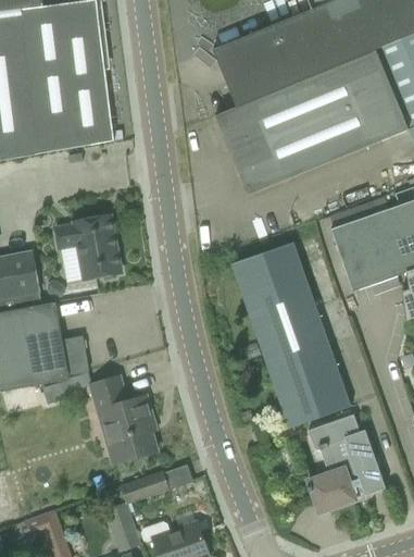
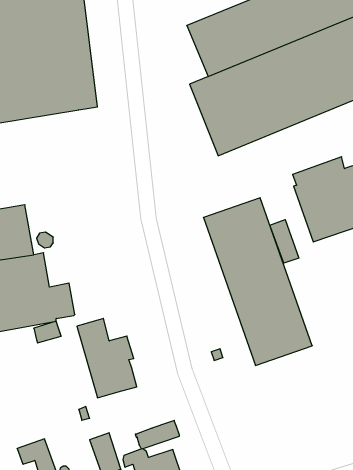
building: [54,215,121,280] -> none
building: none -> [270,220,299,263]
building: [306,413,385,512] -> none
building: [120,471,168,503] -> [135,420,179,449]

